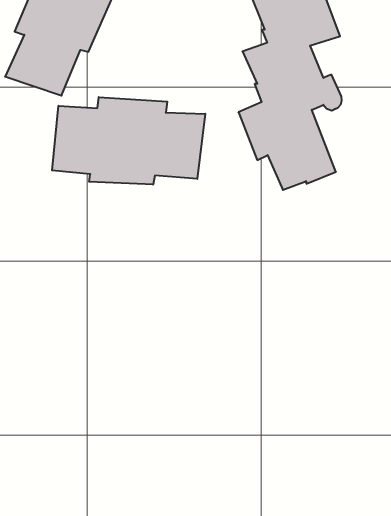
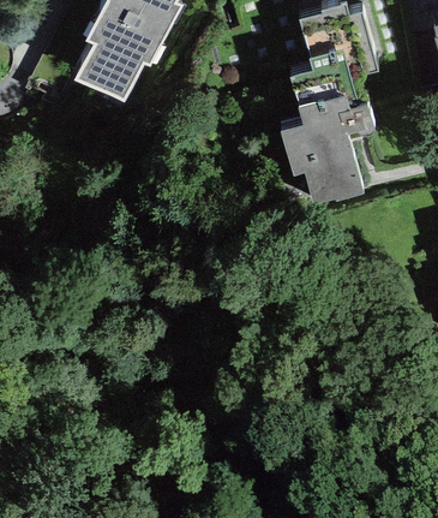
building: [52,97,205,185] -> none

